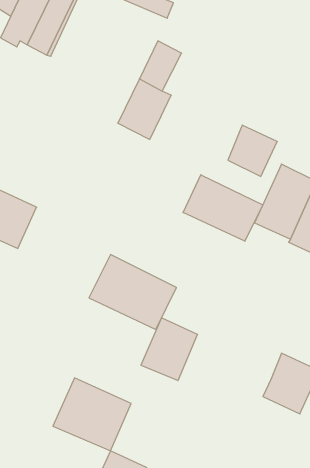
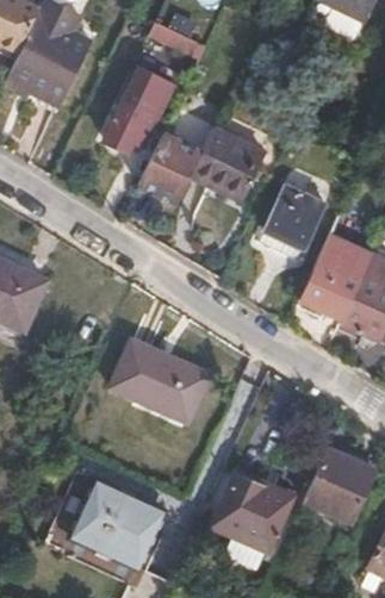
building: none -> [107,76,155,150]
building: none -> [191,130,267,203]
building: [183,175,263,241] -> none
building: [141,318,198,381] -> [218,475,284,548]

